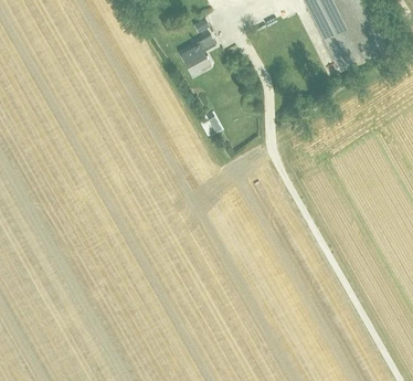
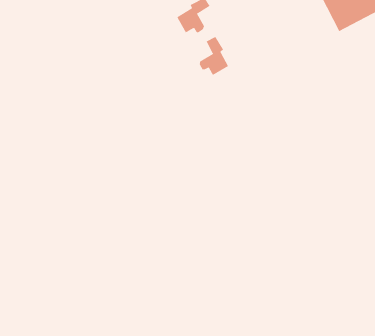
building: none -> [199,36,229,76]

